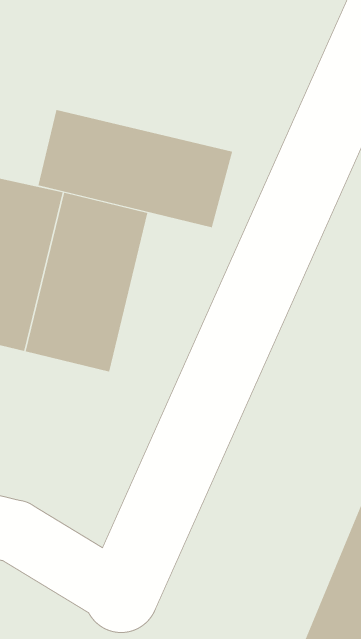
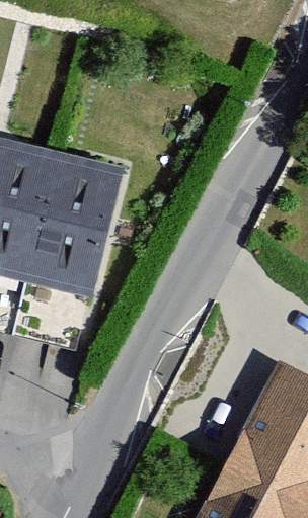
building: [38,109,233,228] -> none

